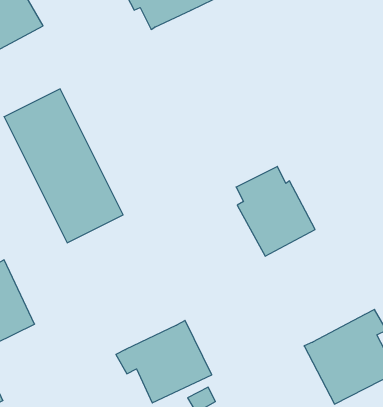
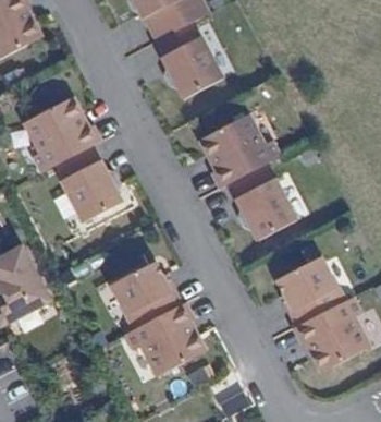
building: none -> [155,21,223,98]
building: none -> [196,109,280,184]
building: none -> [274,251,343,319]
building: none -> [107,258,174,326]

